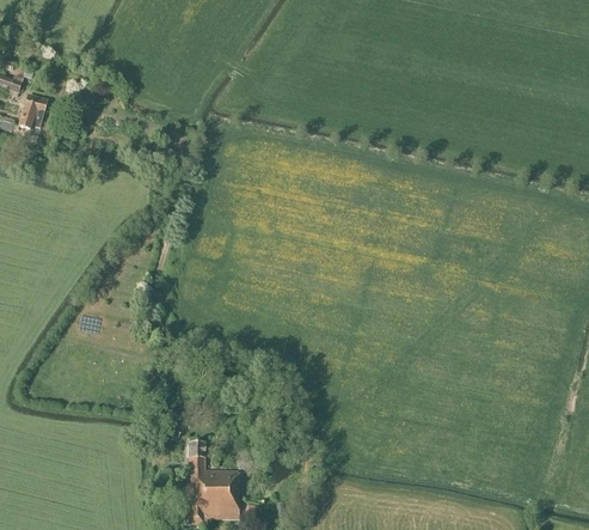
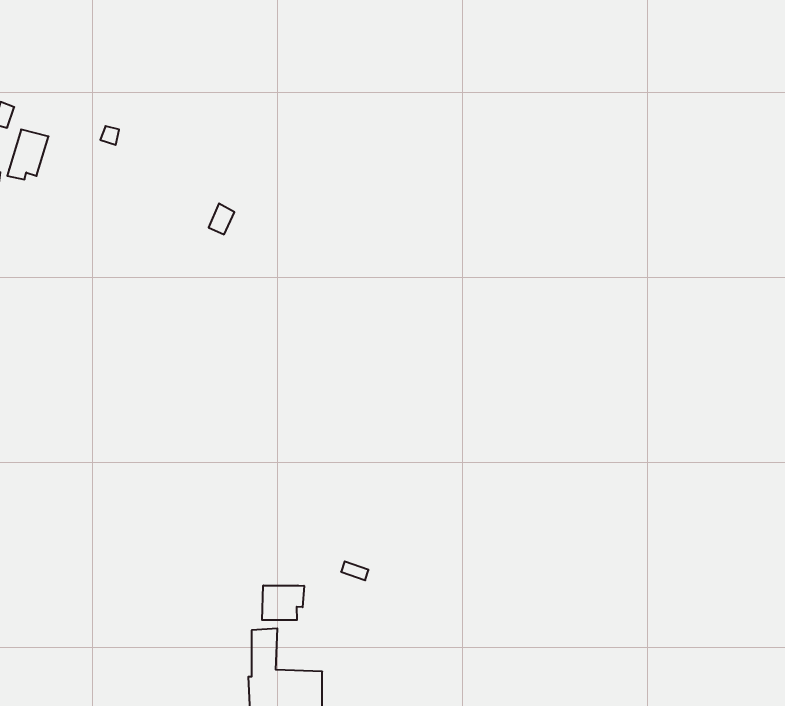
building: none -> [262,585,304,620]

